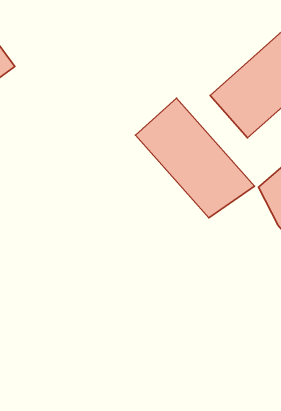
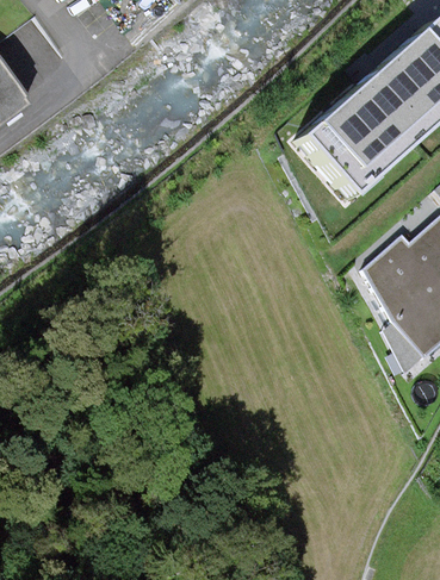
building: [135,98,255,218] -> none

